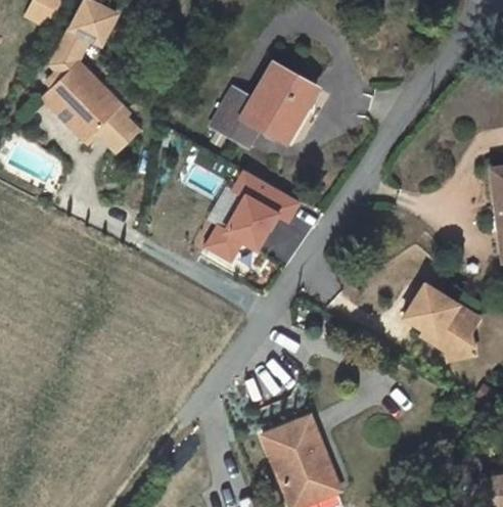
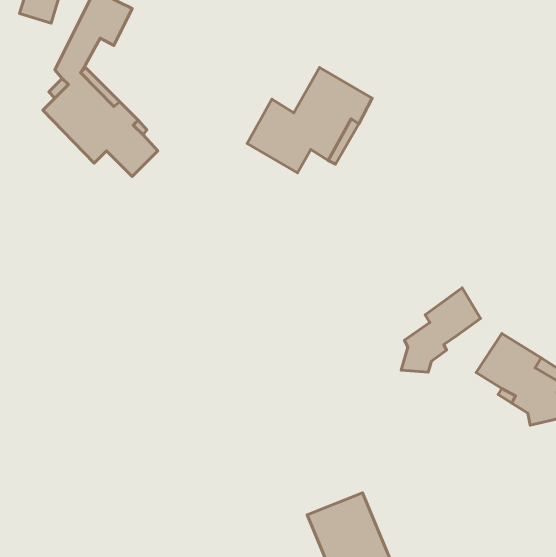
building: [196,167,301,263] -> none
building: none -> [401,288,481,372]

